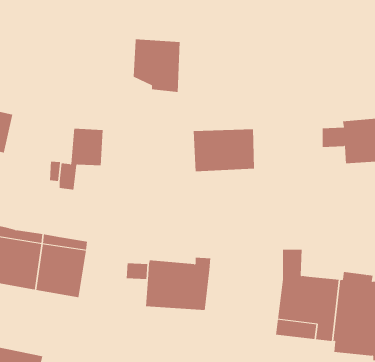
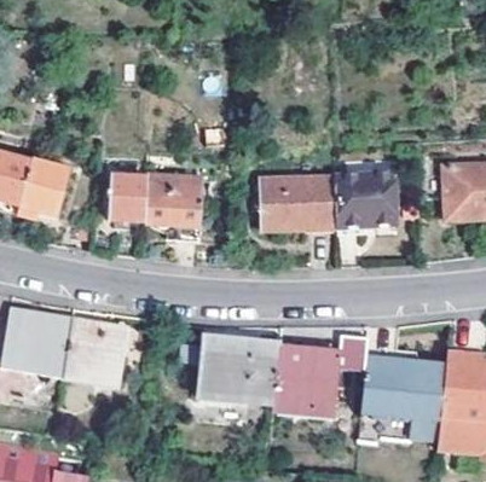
building: [133,39,180,92] -> [144,174,203,240]
building: none -> [23,157,74,214]
building: none -> [334,174,395,225]
building: none -> [272,336,368,413]

